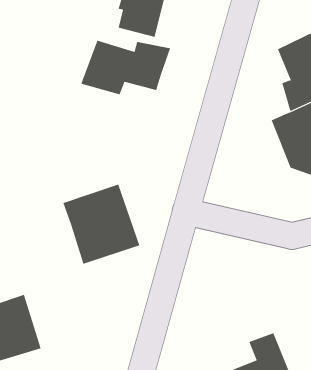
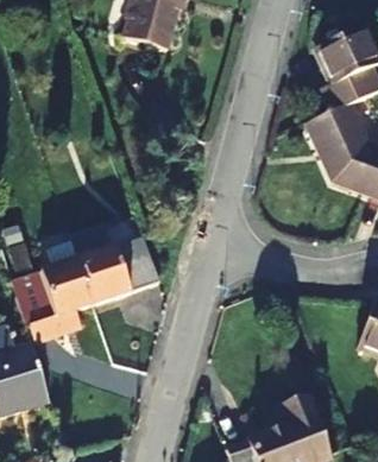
building: [80,40,171,95] -> none
building: none -> [15,257,95,337]

